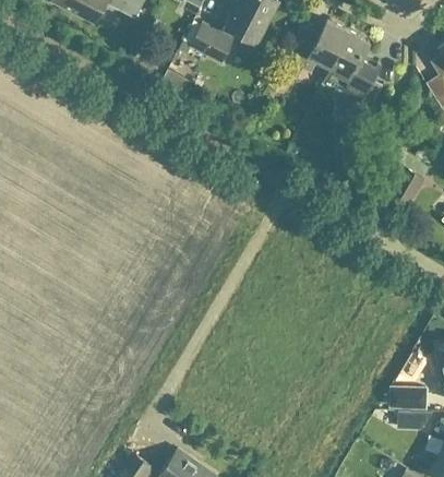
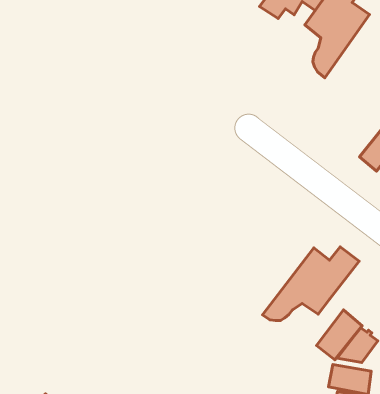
building: none -> [262,247,359,321]
building: none -> [316,310,362,360]

